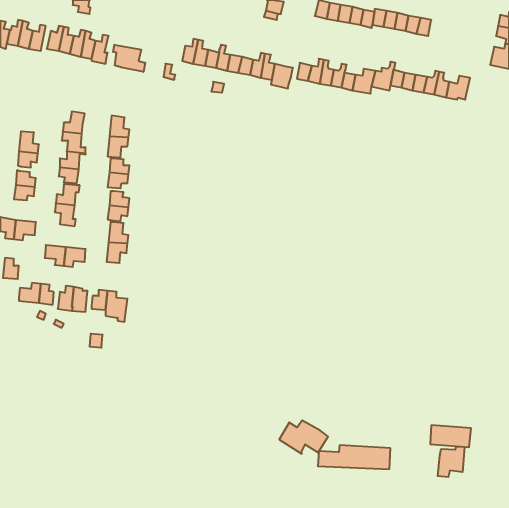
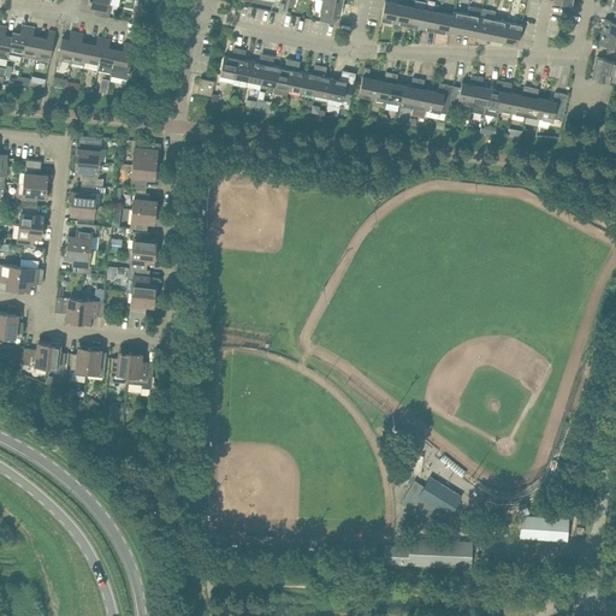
building: [113,45,145,72] -> none
building: [279,420,328,453] -> [402,478,461,517]
building: [438,446,464,477] -> none

